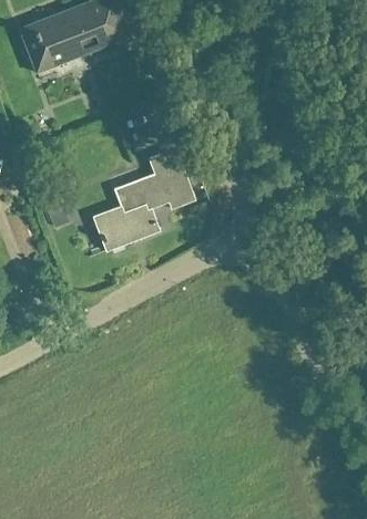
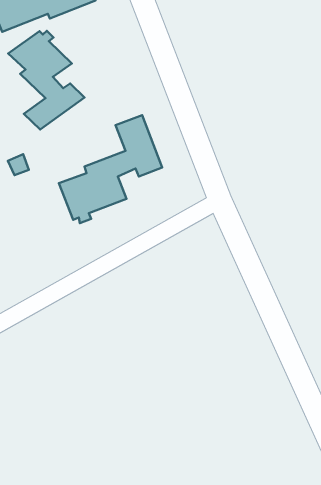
building: none -> [8,31,84,129]

